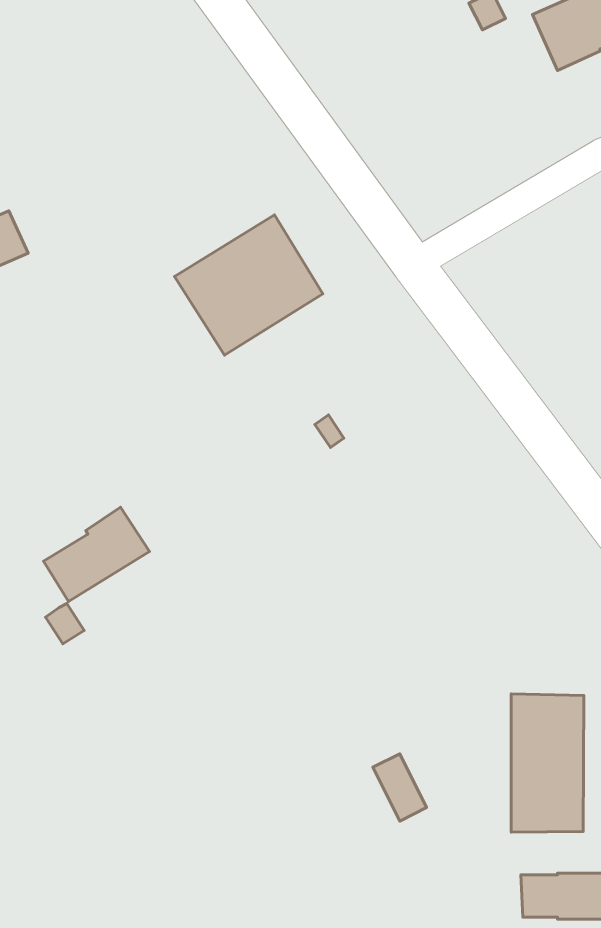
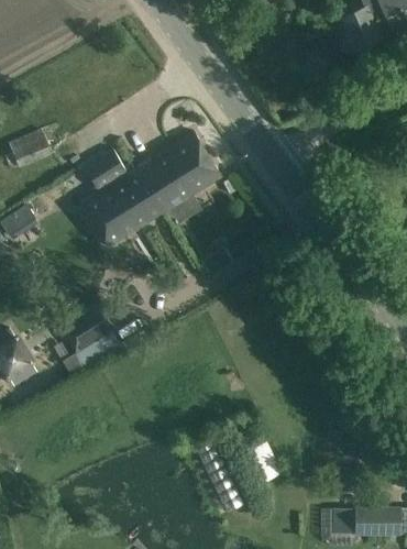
building: none -> [81,149,166,246]
building: [511,694,584,832] -> none

